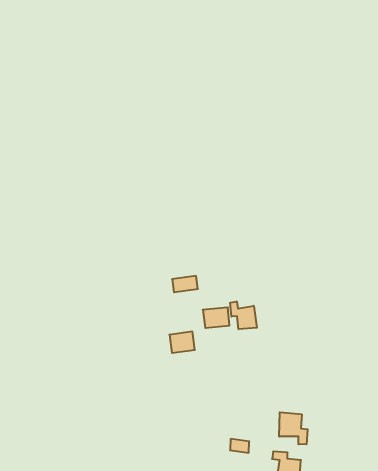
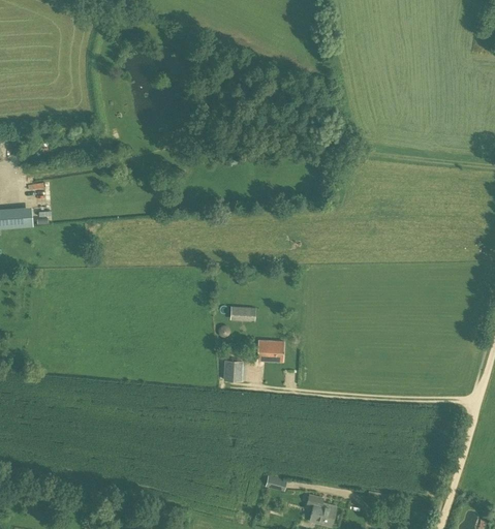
building: [230,301,257,329] -> none
building: [279,412,308,444] -> none

